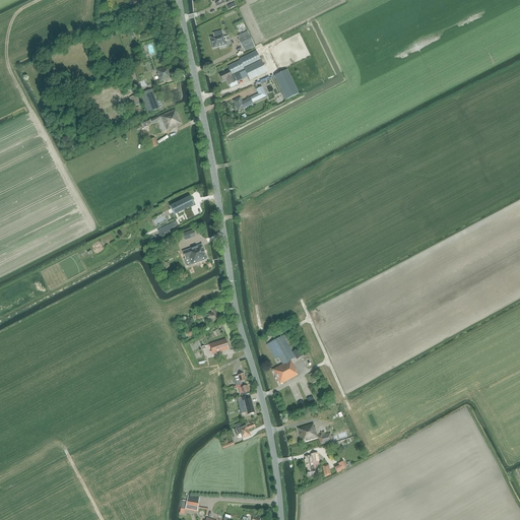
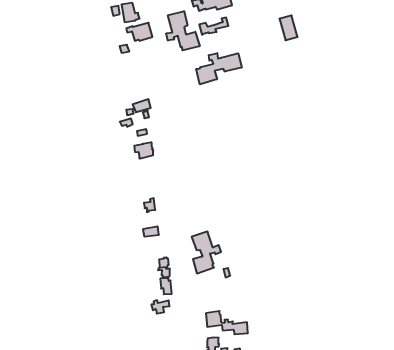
building: [273,69,298,99] -> [279,15,298,40]
building: none -> [166,11,200,50]
building: none -> [196,53,242,84]

